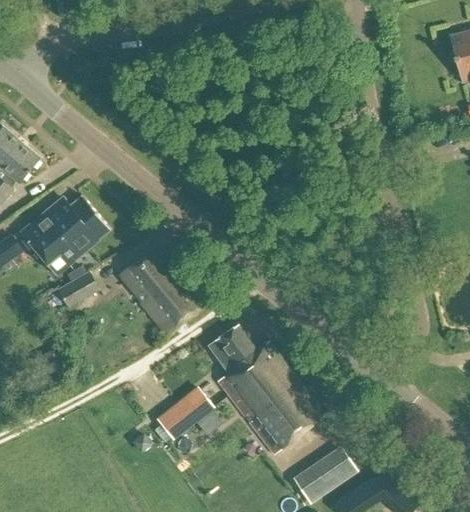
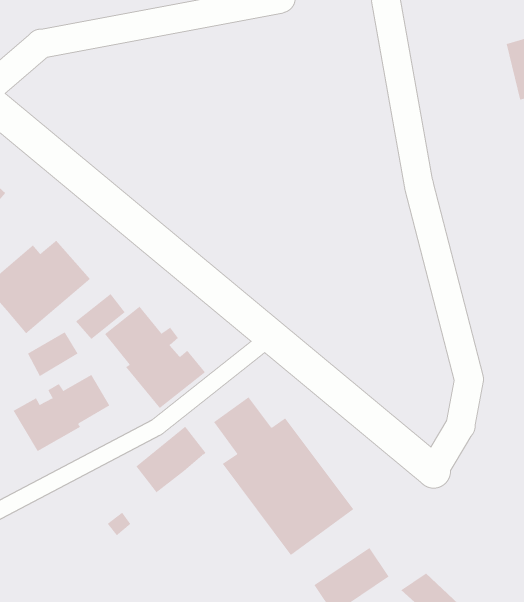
building: none -> [75,293,126,340]
building: none -> [13,374,110,452]
building: [155,386,213,441] -> [135,426,206,493]

